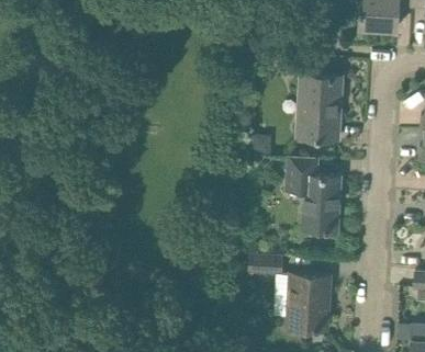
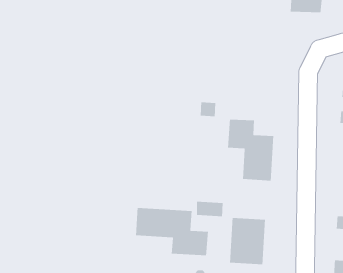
building: [298,73,342,141] -> none
building: none -> [135,207,209,256]

